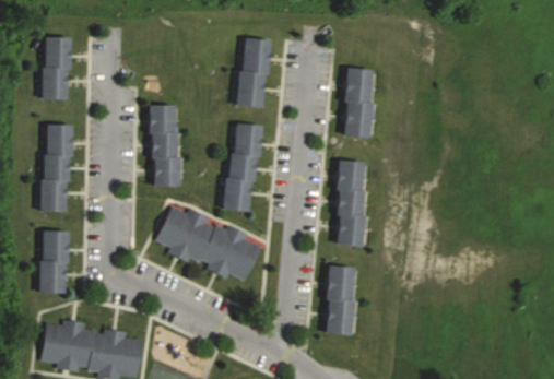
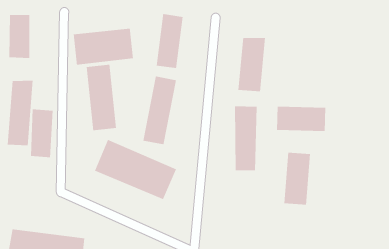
building: none -> [73,28,134,66]
building: none -> [277,106,326,132]
building: [38,232,69,296] -> [30,109,53,158]
building: [323,265,359,335] -> [283,152,311,205]

